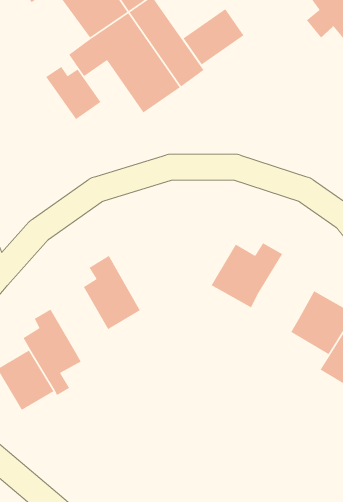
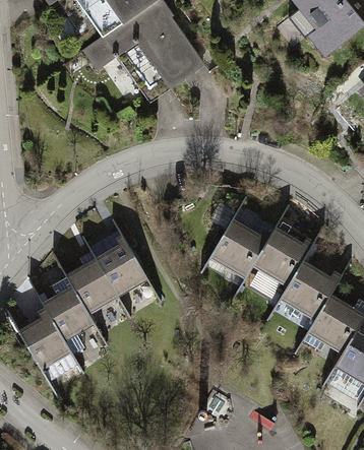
building: [182,8,245,65] -> none
building: [45,66,102,120] -> none
building: none -> [252,227,310,285]
building: none -> [66,251,118,313]

